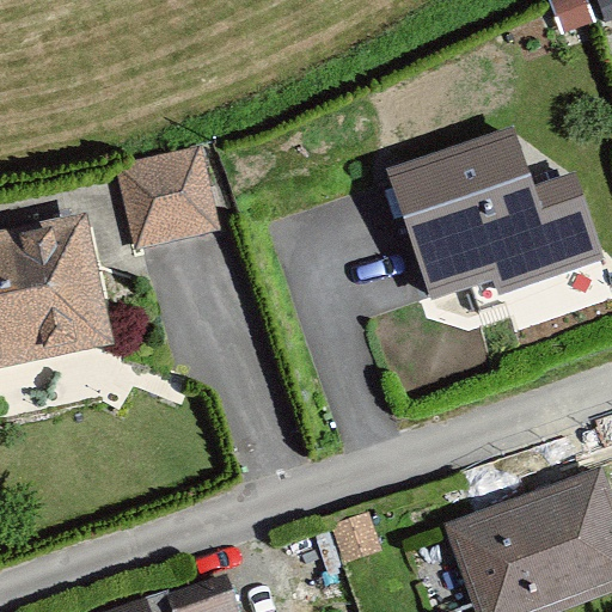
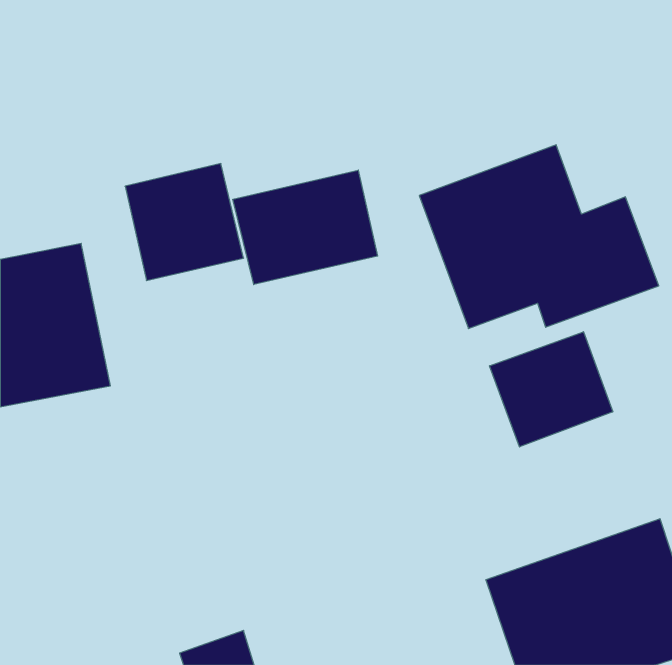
building: none -> [233,170,378,285]
building: none -> [490,332,613,447]

